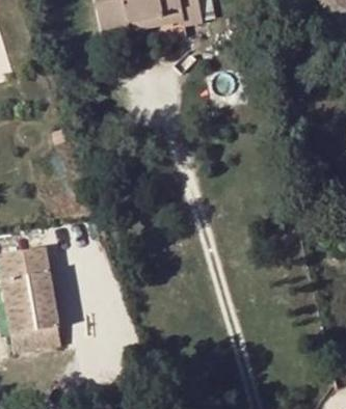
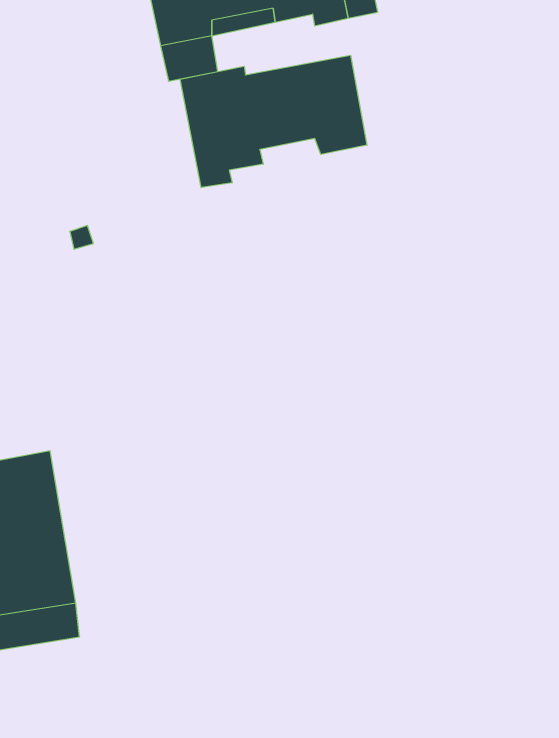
building: none -> [180,55,367,188]

